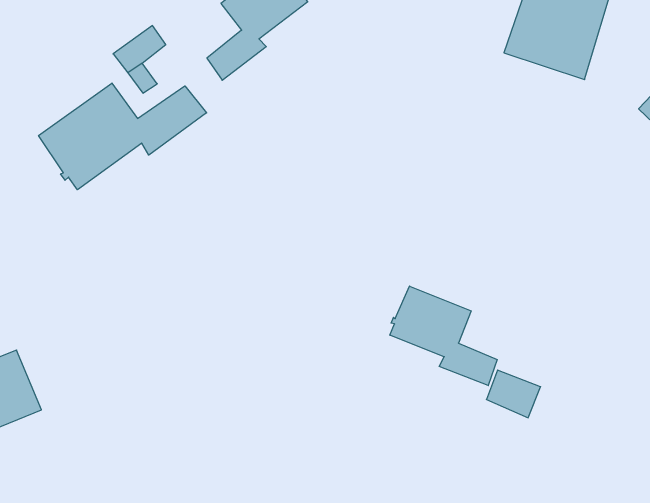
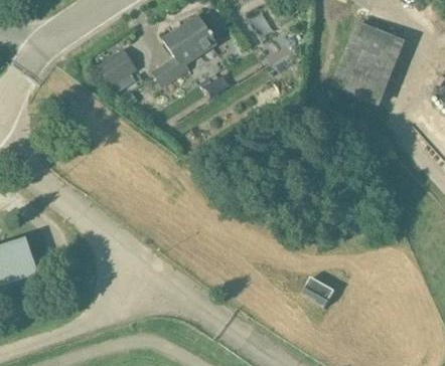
building: [39,83,207,190] -> none
building: [390,286,497,386] -> none

